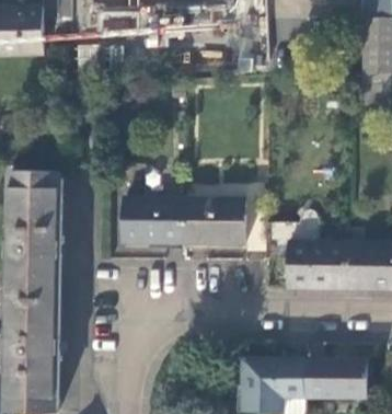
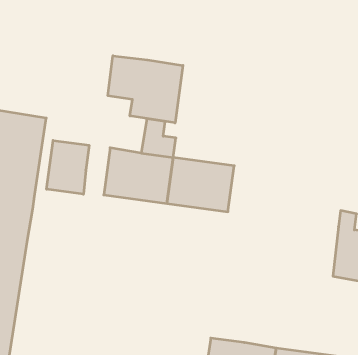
building: none -> [108,56,183,123]
building: none -> [47,140,89,194]
building: [287,238,349,286] -> none

